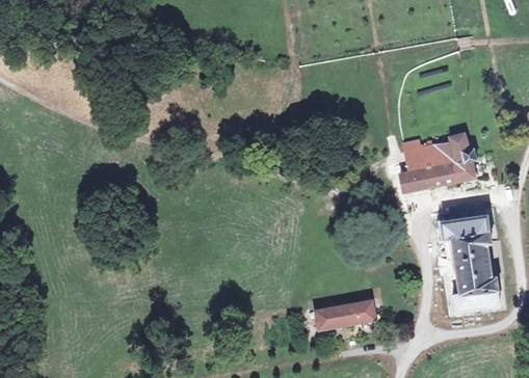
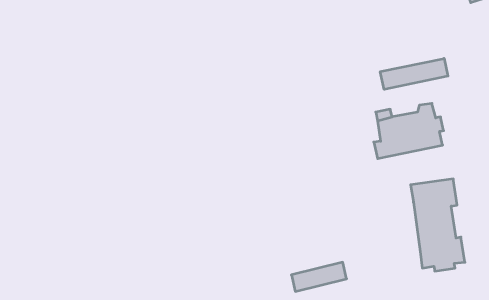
building: none -> [380,58,448,89]

